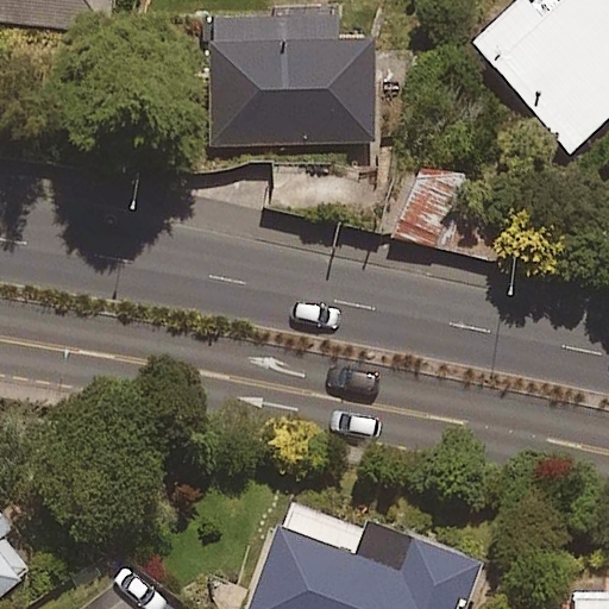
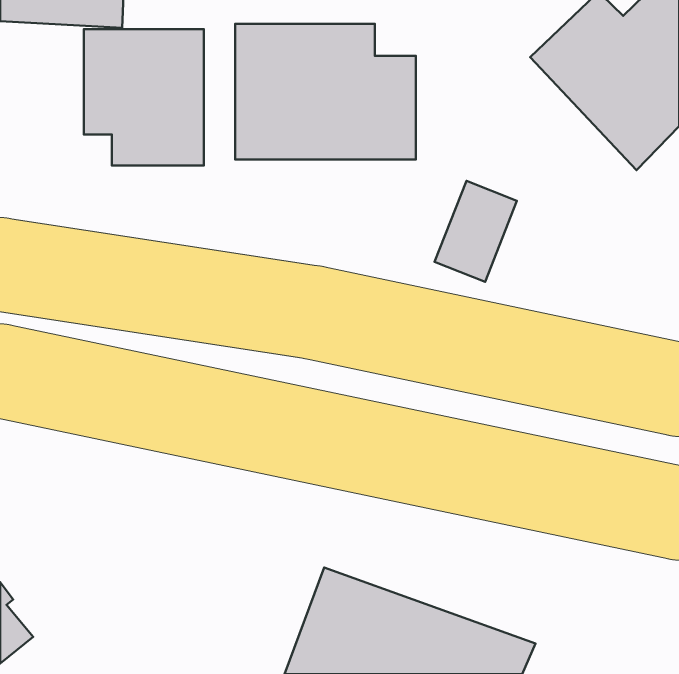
building: none -> [84,29,204,165]

